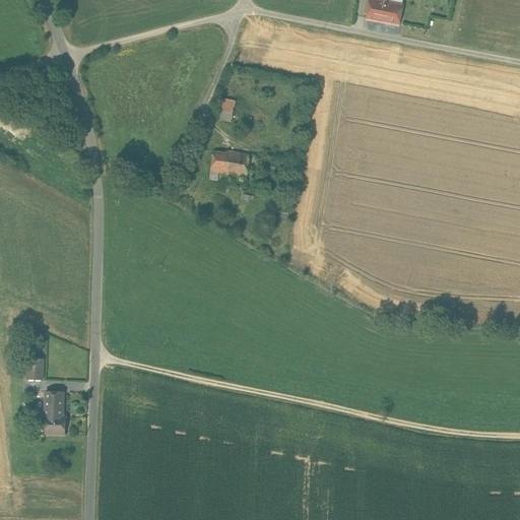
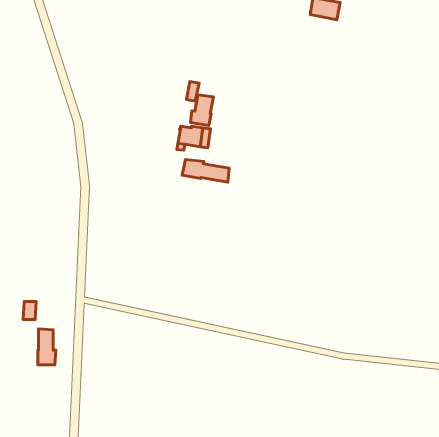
building: none -> [191,95,214,126]
building: none -> [182,159,229,182]

